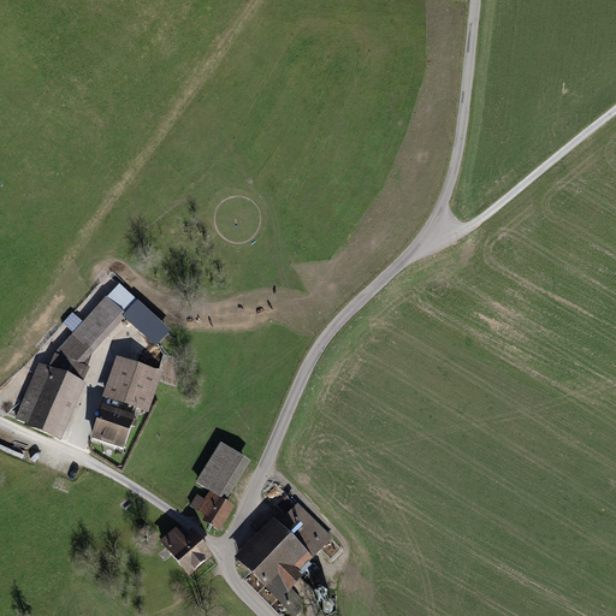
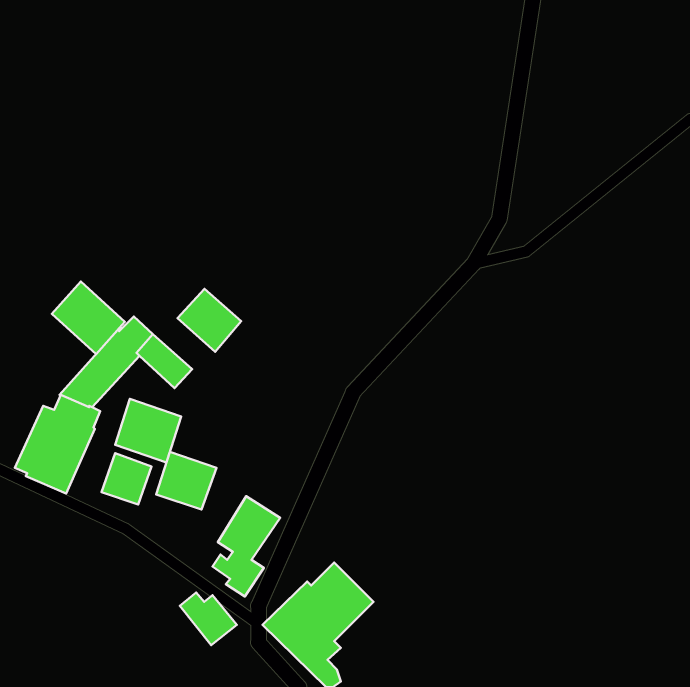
building: none -> [52,282,125,354]
building: none -> [178,289,241,352]
building: none -> [156,452,216,510]

